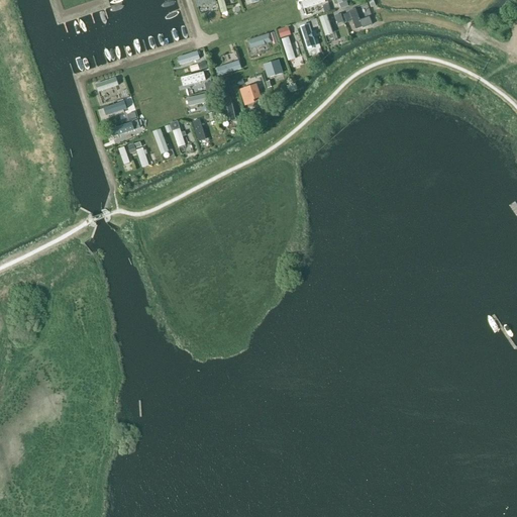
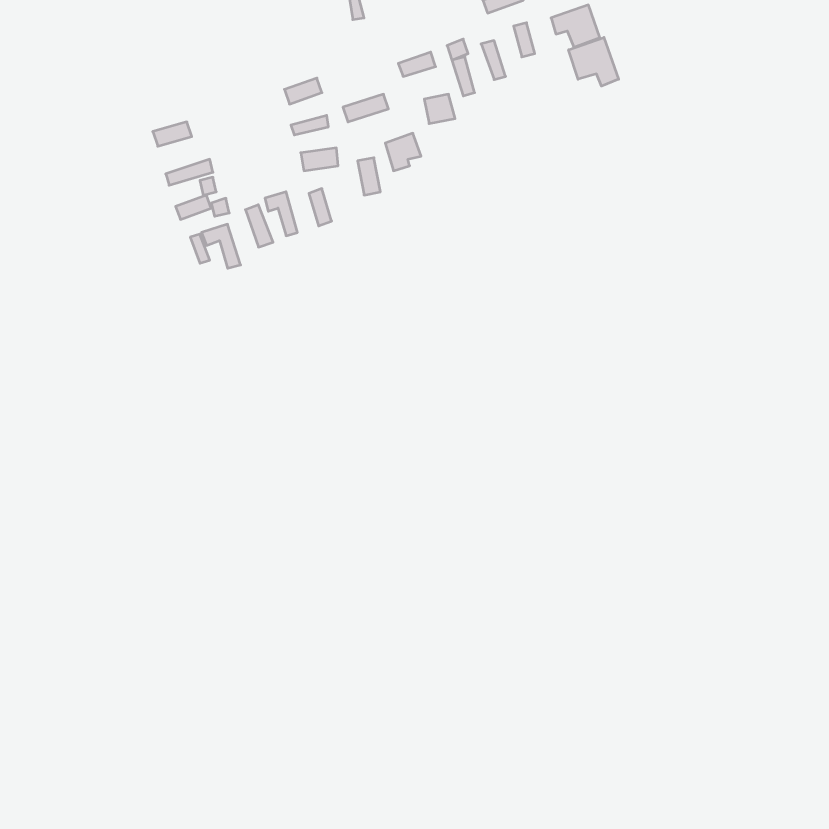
building: none -> [569,37,619,86]

